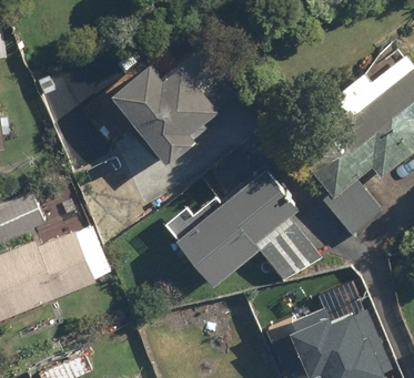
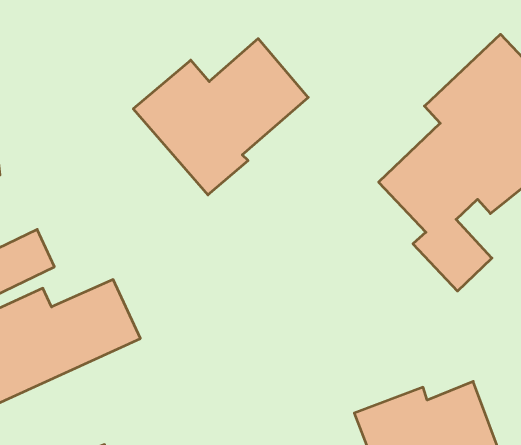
building: [165,167,321,288] -> none

